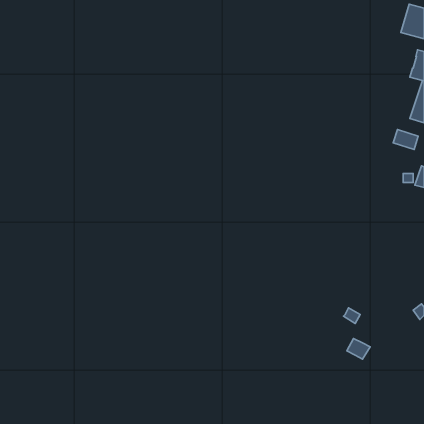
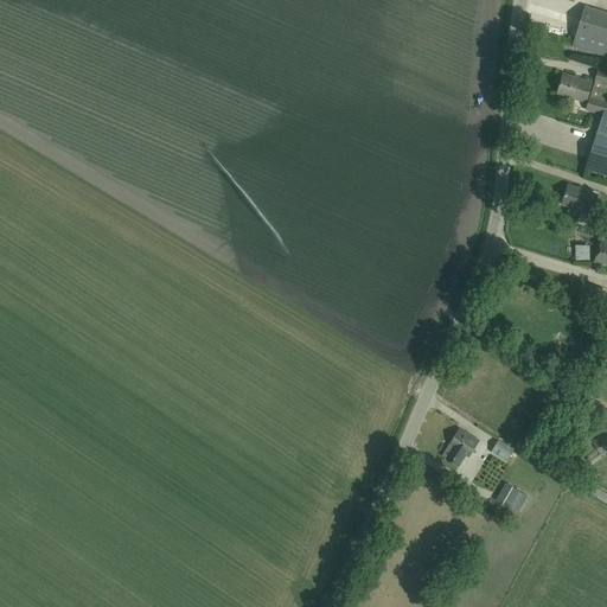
building: none -> [557,74,590,102]
building: none -> [442,428,479,467]

